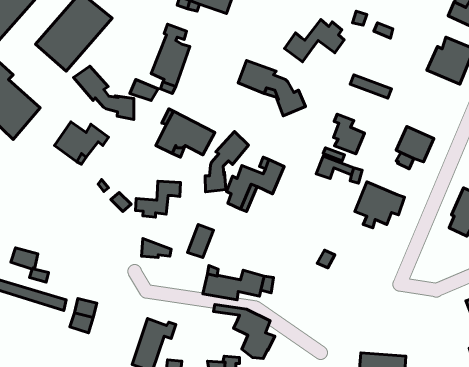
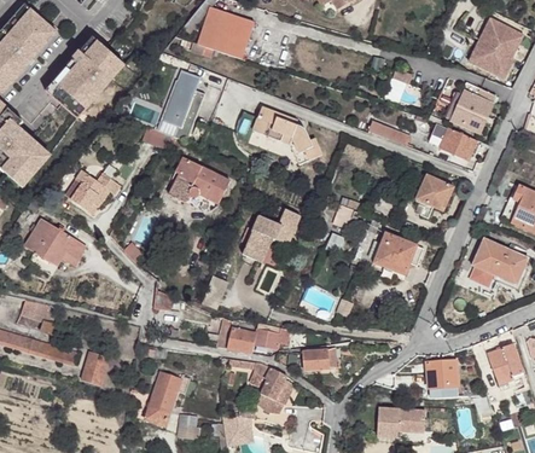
building: [284,20,344,62] -> none
building: [74,66,134,119] -> none
building: none -> [429,123,477,158]
building: [334,114,364,154] -> none
building: [205,131,249,192] -> none
building: none -> [24,217,87,265]
building: [135,181,181,217] -> none
building: none -> [303,345,336,368]
building: none -> [425,359,459,396]

